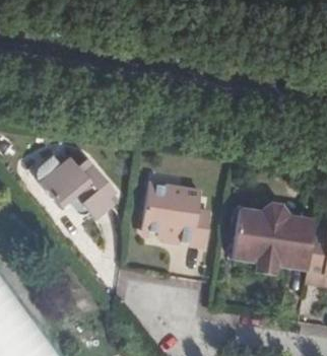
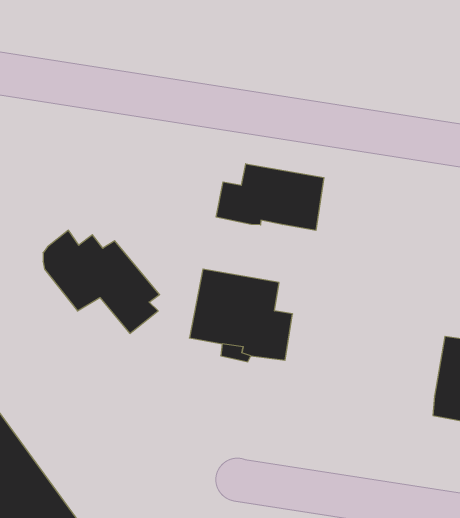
building: none -> [216,164,324,230]
building: [231,203,313,275] -> none

